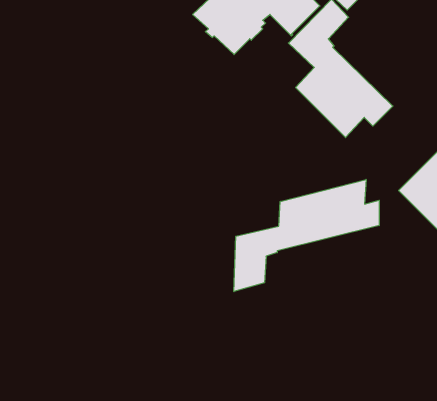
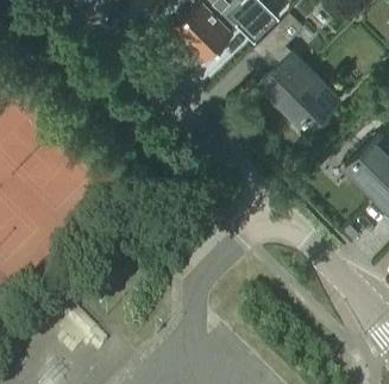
building: [234,179,379,292] -> none

